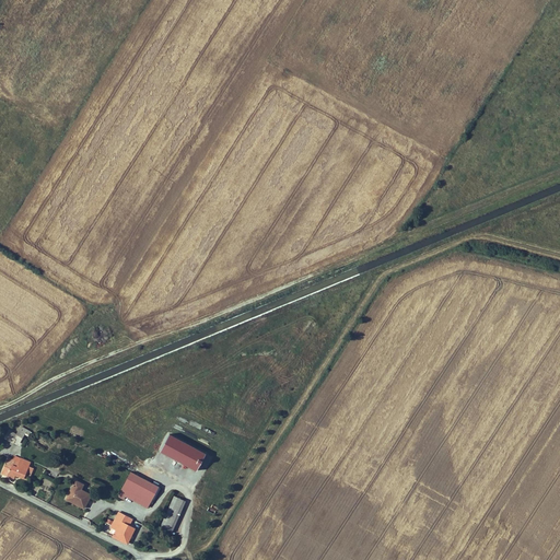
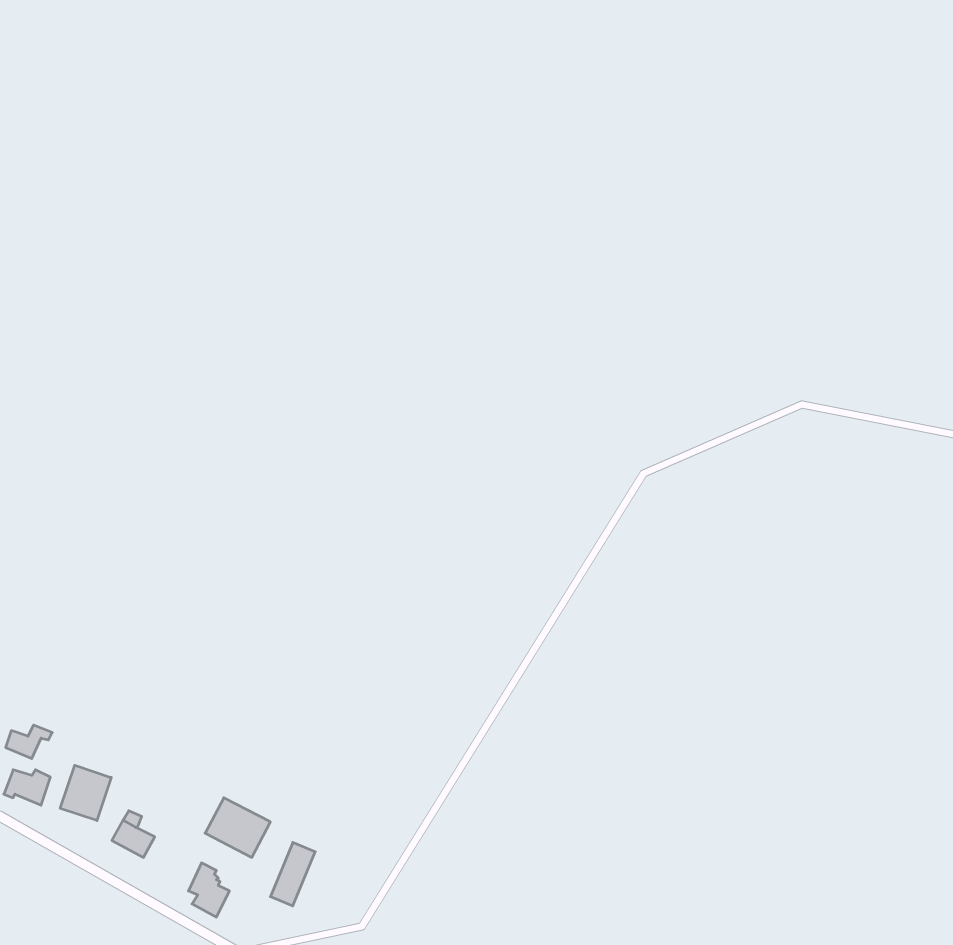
building: [159,436,205,472] -> none
building: none -> [60,765,111,821]

